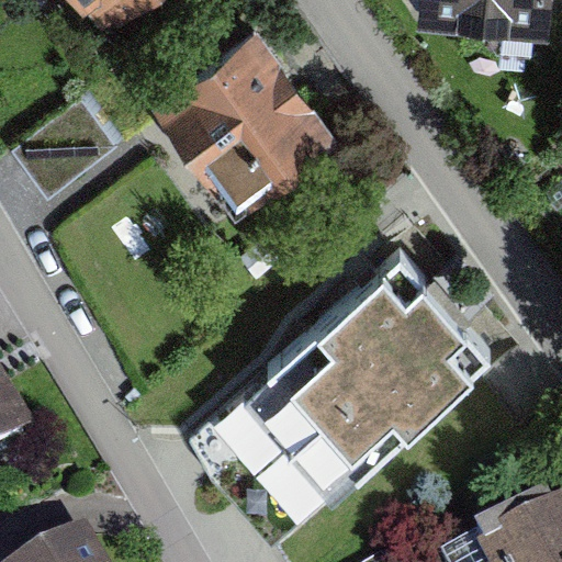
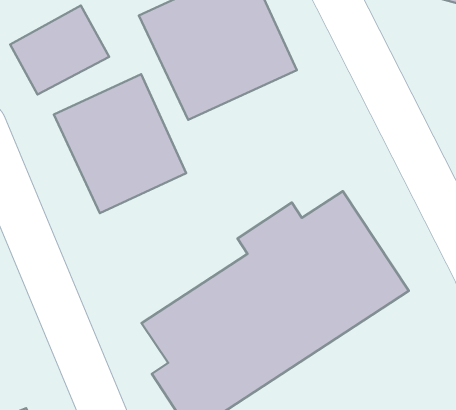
building: none -> [54,74,186,213]

